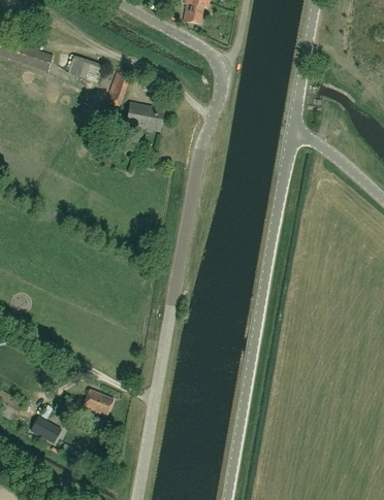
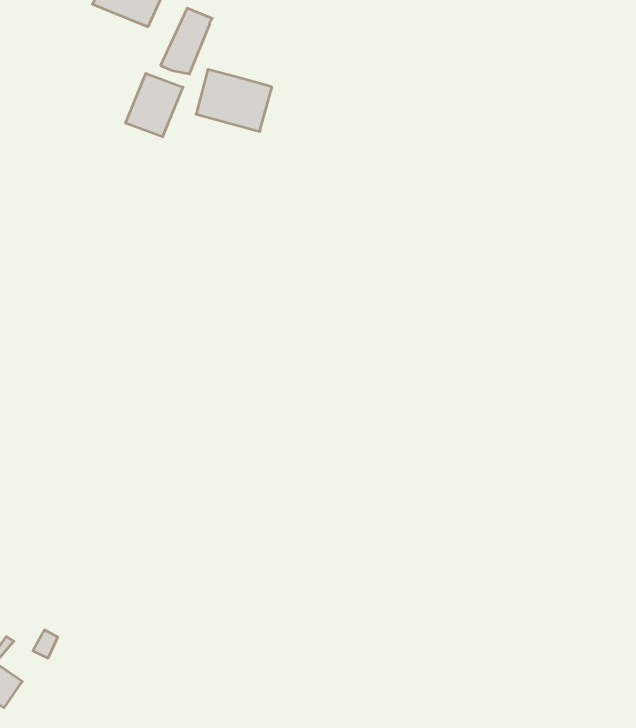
building: none -> [126,73,183,137]
building: [82,389,113,416] -> none

